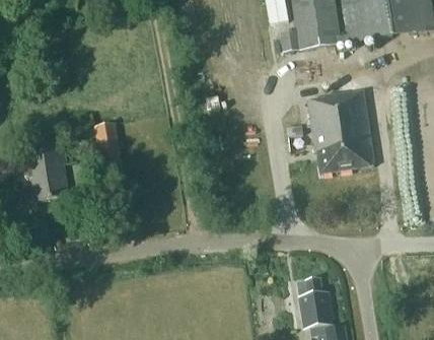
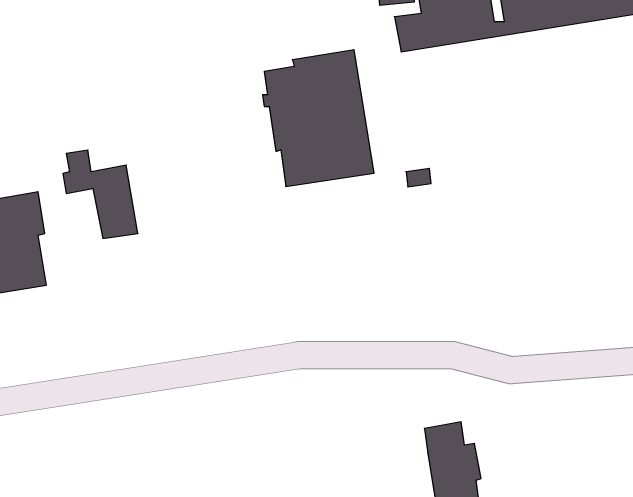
building: [306,87,374,171] -> [263,50,374,186]

